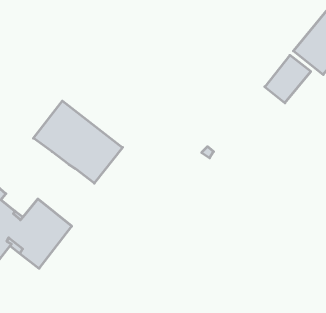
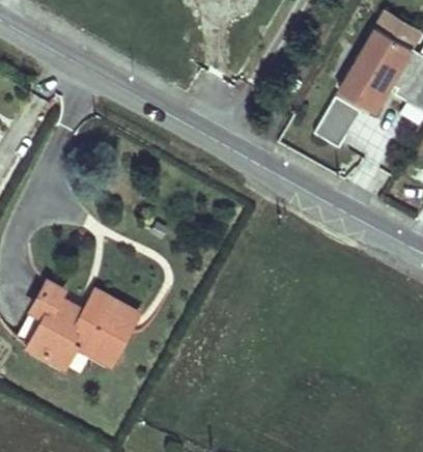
building: [33,101,123,183] -> none

